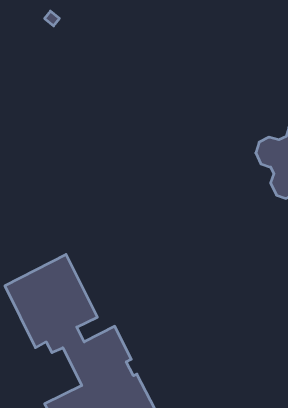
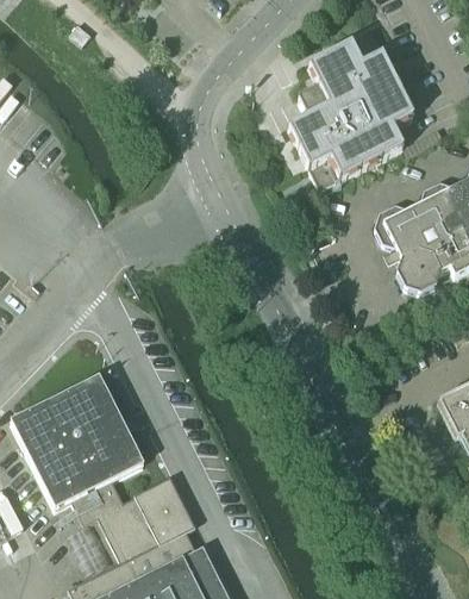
building: none -> [287,32,414,189]

